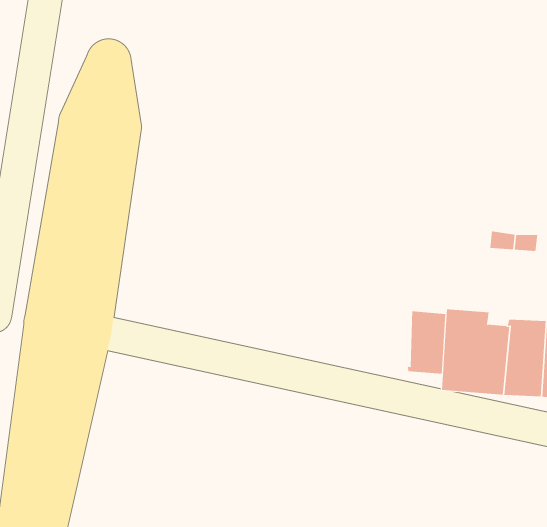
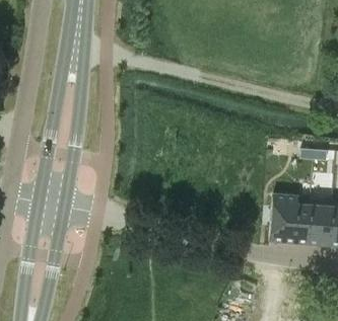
building: [407,310,446,375] -> none

